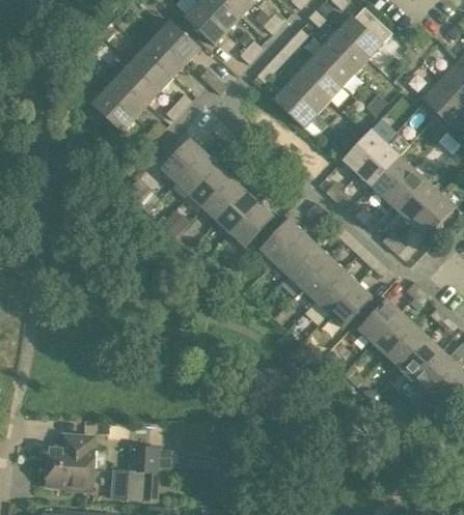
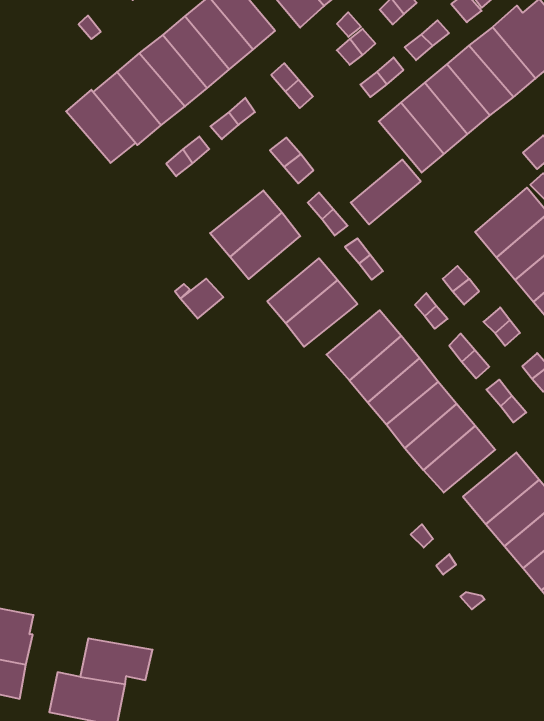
building: none -> [66,90,136,163]
building: [159,137,204,182] -> none
building: [202,177,245,221] -> [351,160,421,224]

